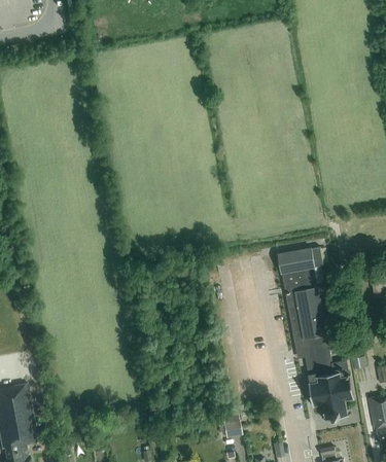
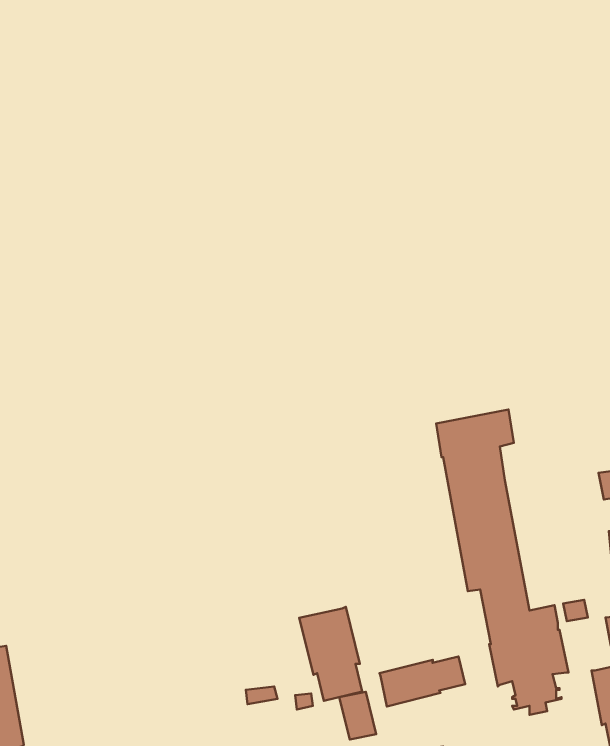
building: none -> [299,607,362,701]
building: none -> [379,657,465,706]

